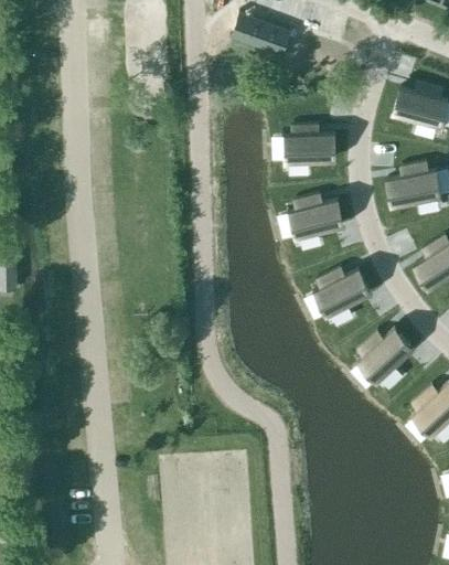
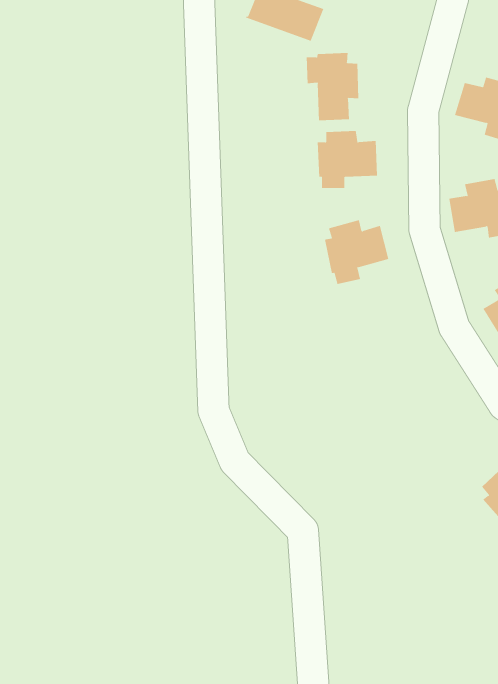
building: none -> [306,52,359,121]
building: [316,268,370,320] -> none
building: [359,328,411,383] -> none

